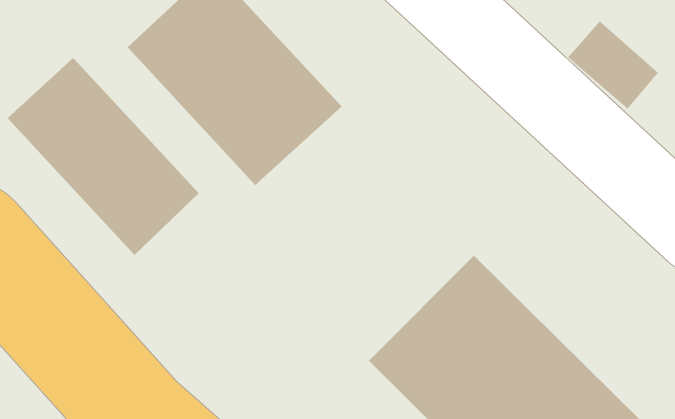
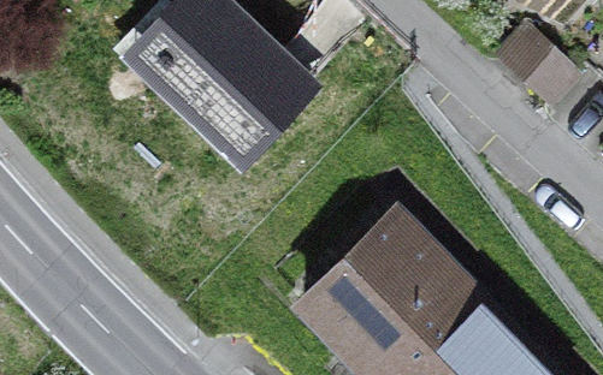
building: [7,57,200,256] -> none

